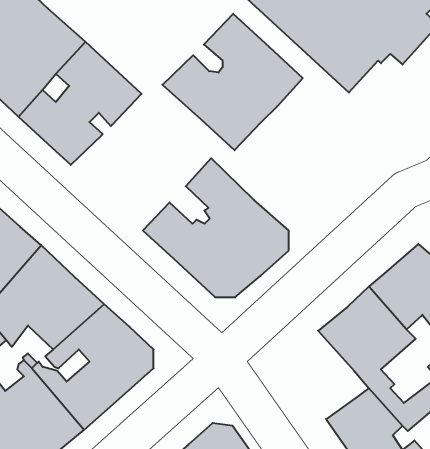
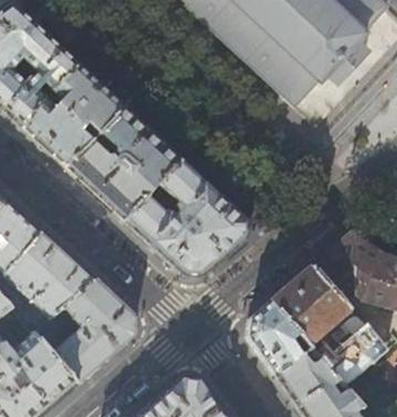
building: [162,14,303,150] -> [66,107,181,219]
building: none -> [249,301,302,374]

